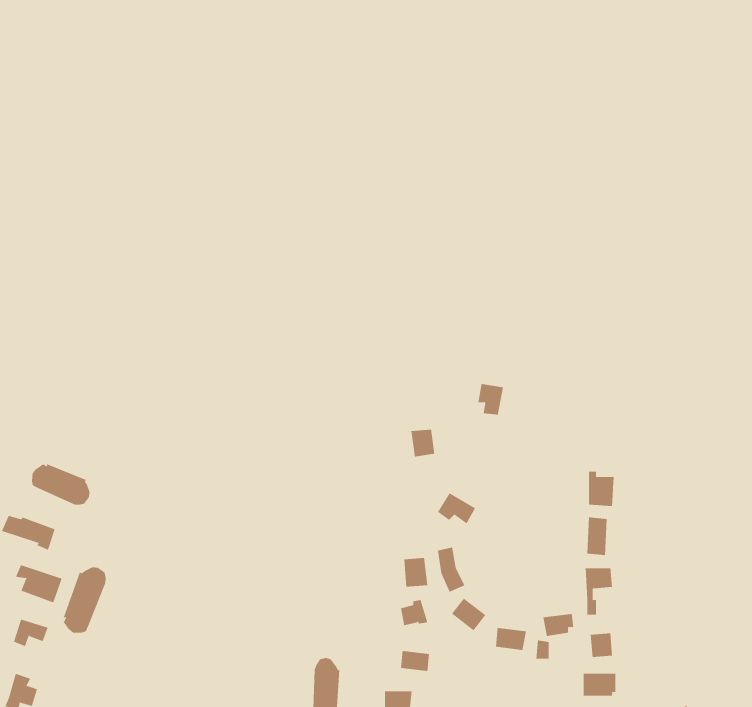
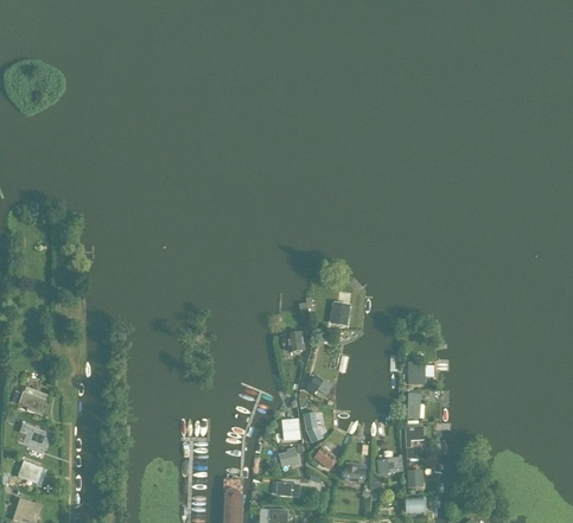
building: [31,463,90,506] -> none
building: [63,567,106,634] -> none

